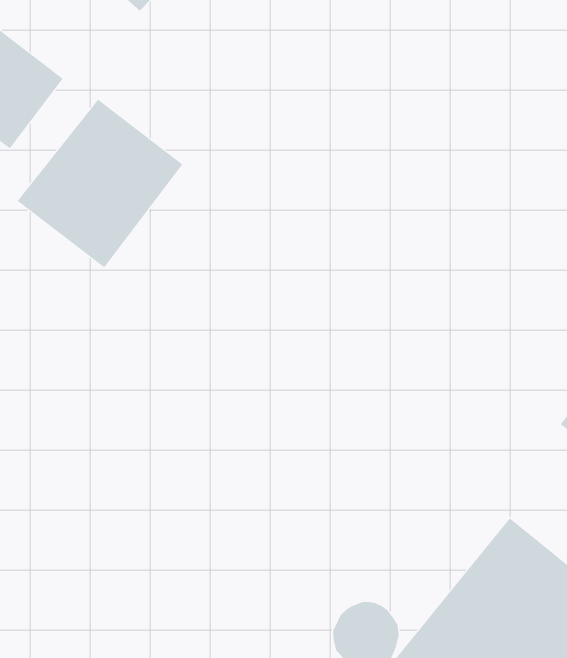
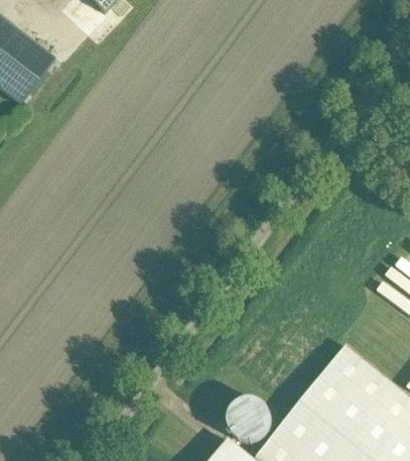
building: [17,99,183,268] -> none

